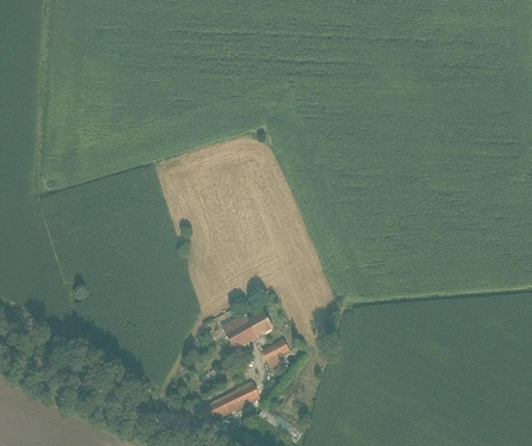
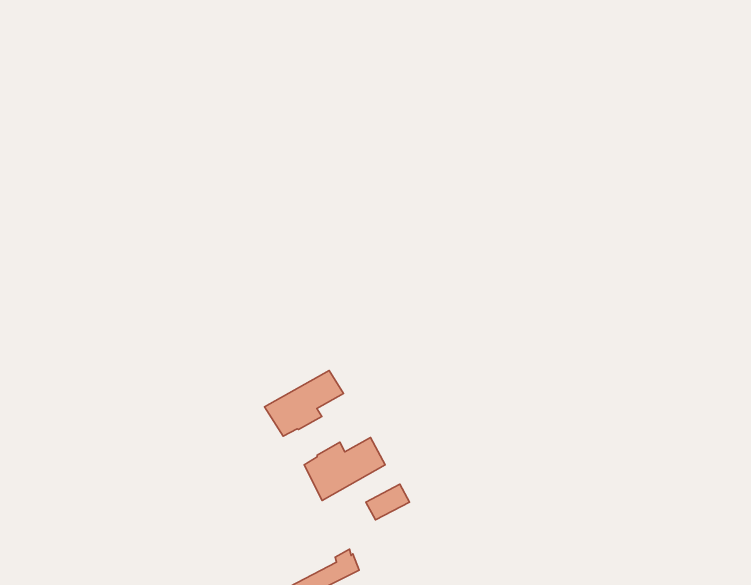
building: none -> [264,370,343,436]

